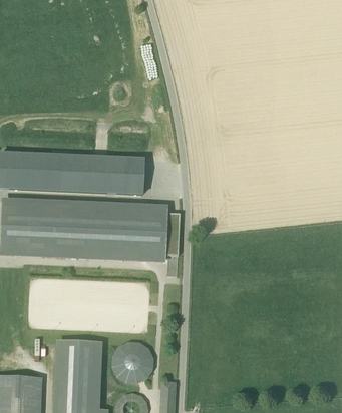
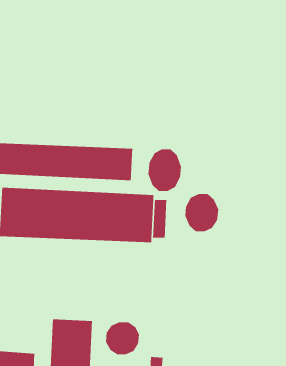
building: none -> [147,149,182,192]
building: none -> [184,193,219,232]

